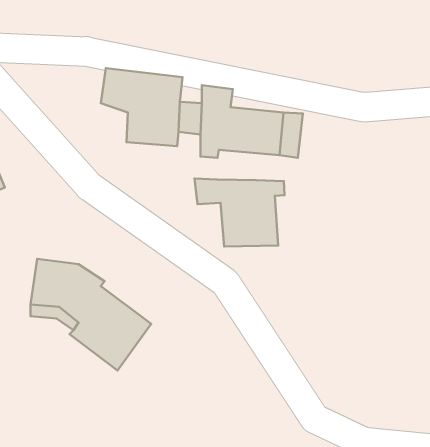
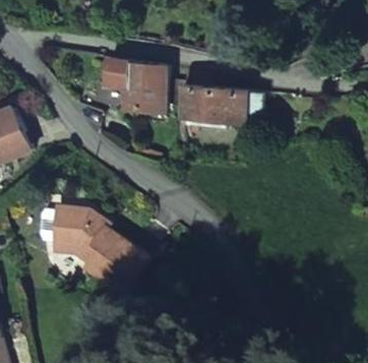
building: [194,178,285,246] -> none

